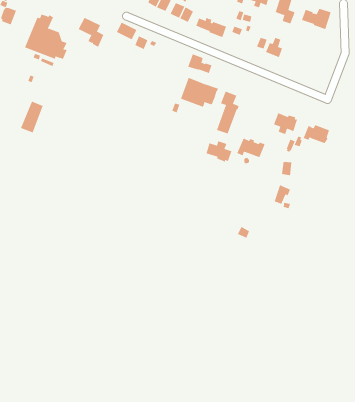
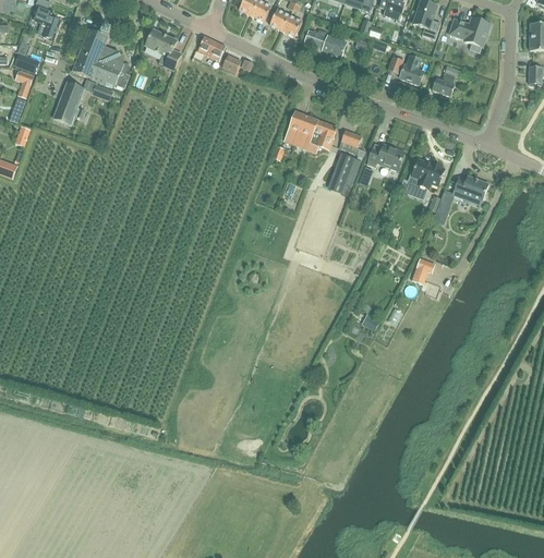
building: none -> [432,65,460,97]
building: [187,54,212,74] -> none
building: [20,101,43,133] -> [52,82,84,125]
building: [237,138,265,158] -> [365,143,404,170]
building: [206,141,232,162] -> none

